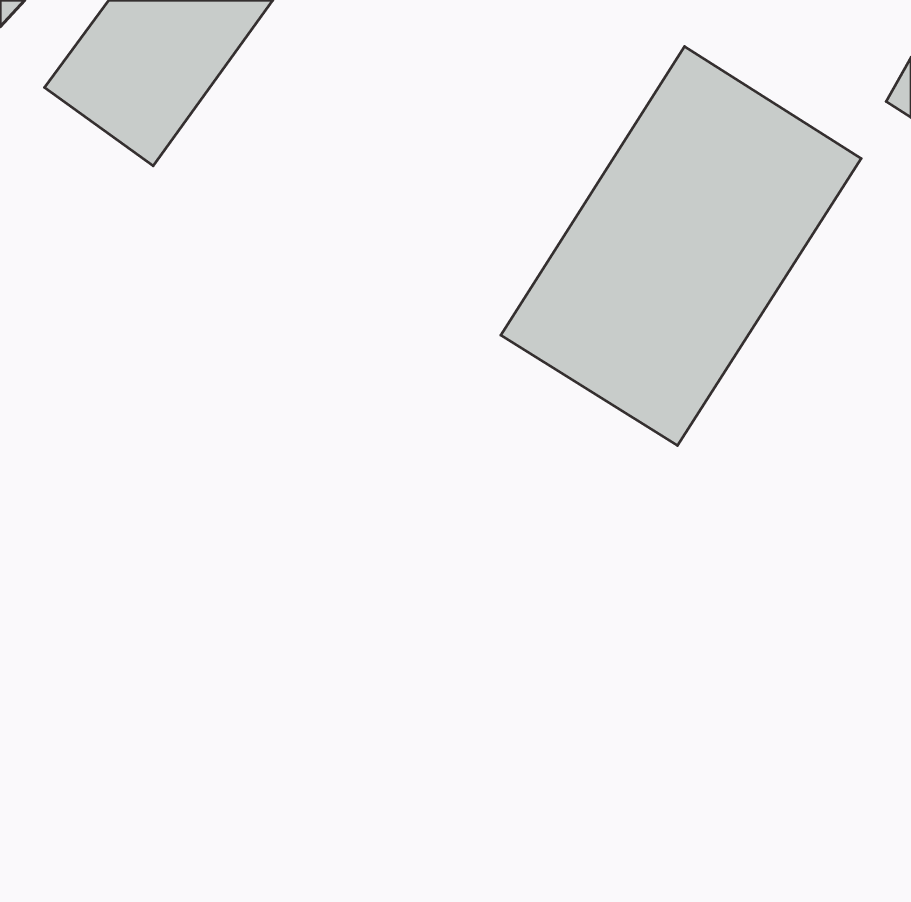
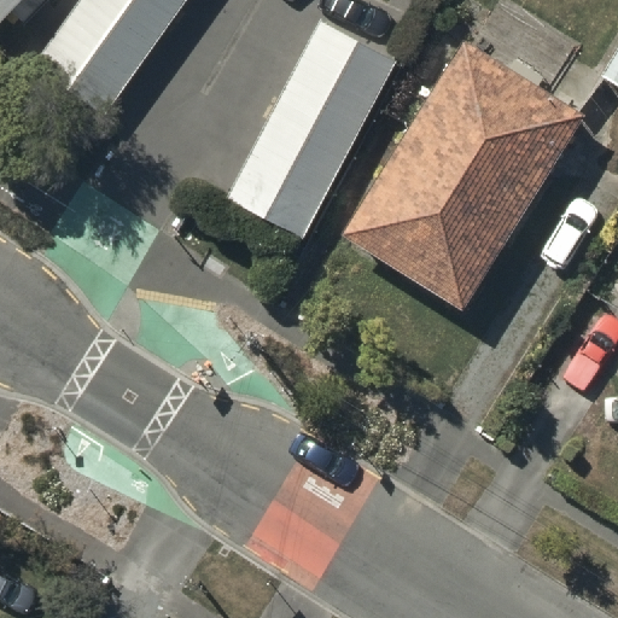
building: none -> [228,22,398,239]

